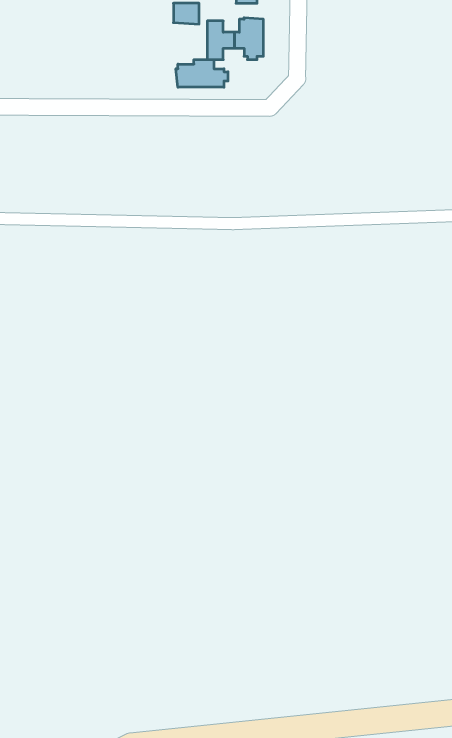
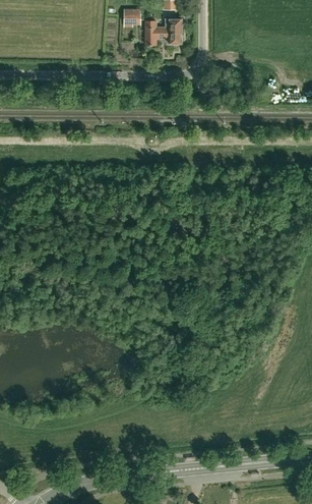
building: [176,60,228,87] -> none

